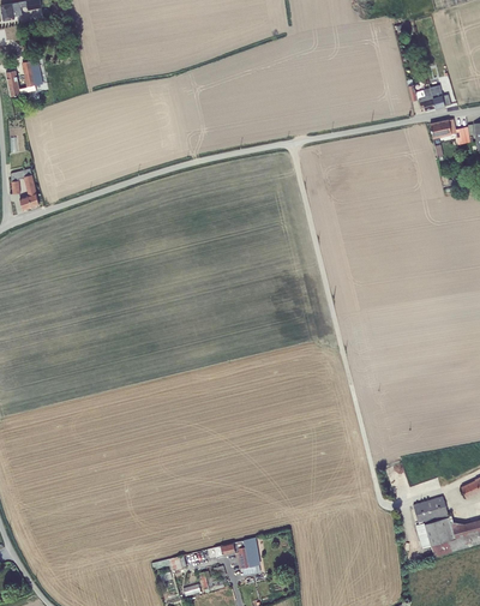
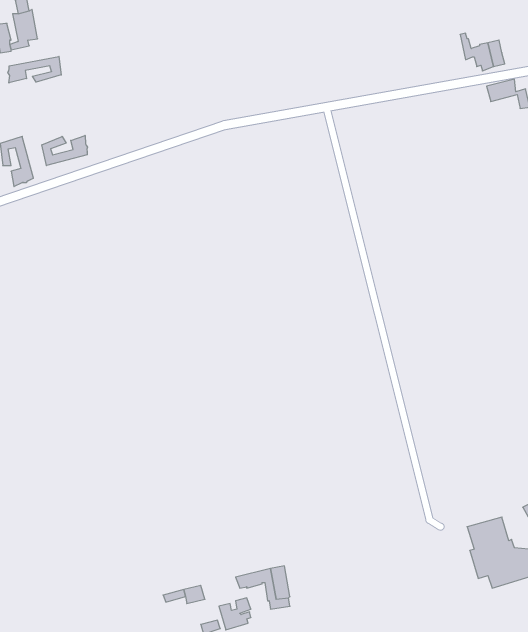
building: none -> [8,56,61,83]
building: none -> [42,135,87,166]

